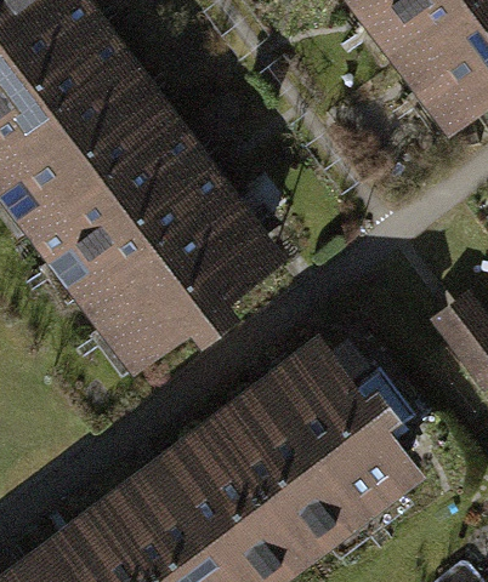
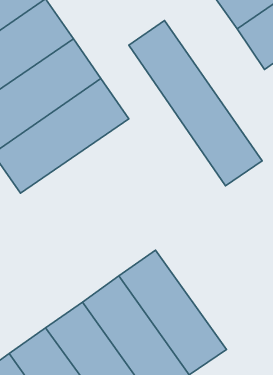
building: none -> [129,20,262,186]
building: [72,192,271,360] -> none
building: [269,346,427,530] -> none

